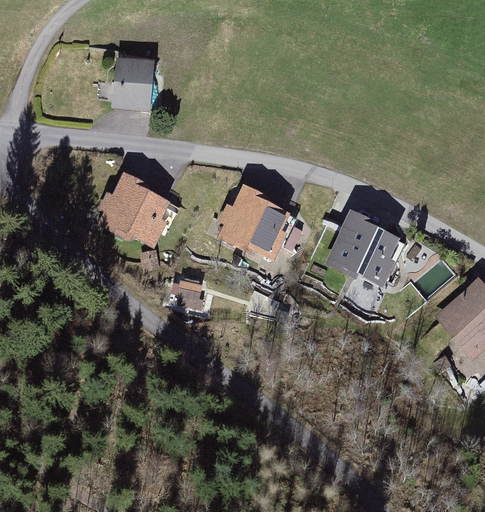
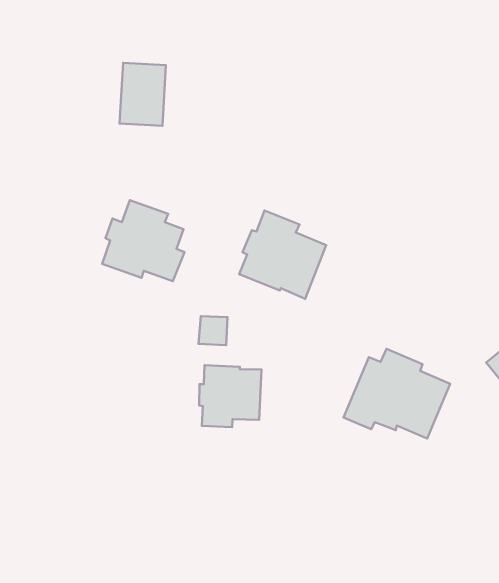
building: [312,210,404,287] -> [343,349,450,438]
building: none -> [199,365,261,427]

